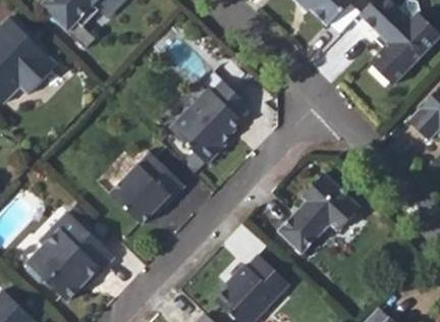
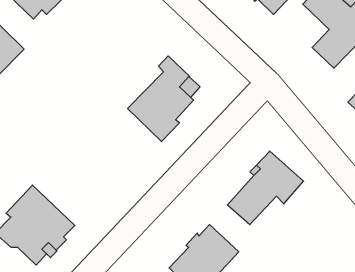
building: [109,151,184,224] -> none

